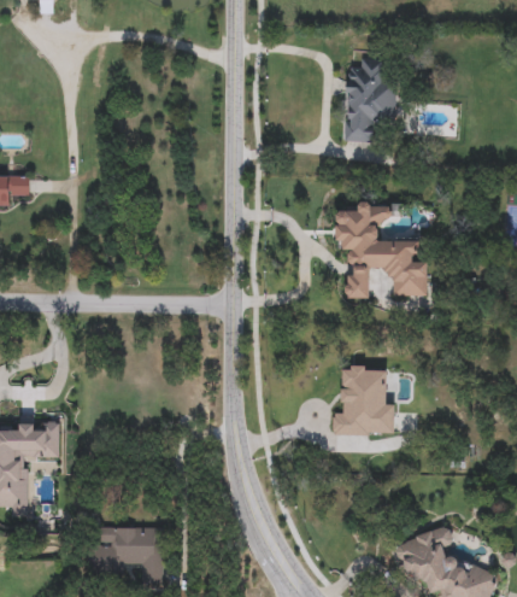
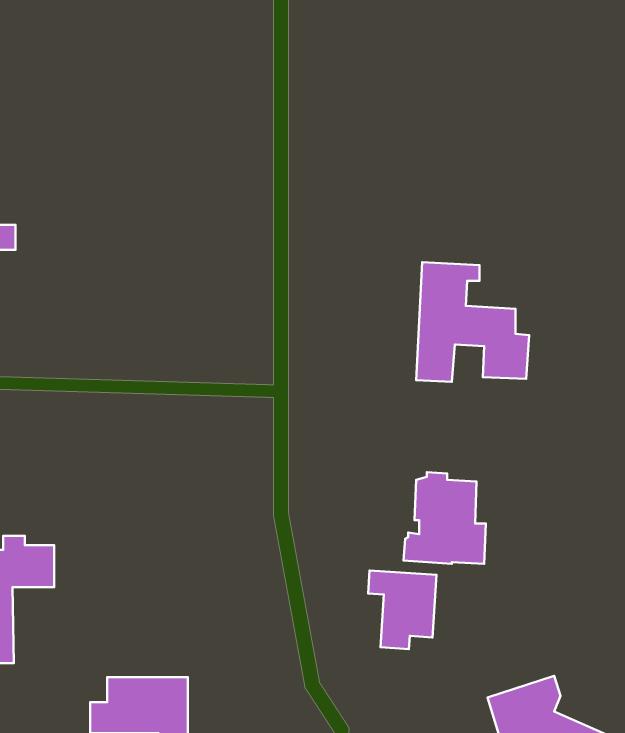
building: [346,59,396,142] -> none
building: none -> [368,571,437,649]

